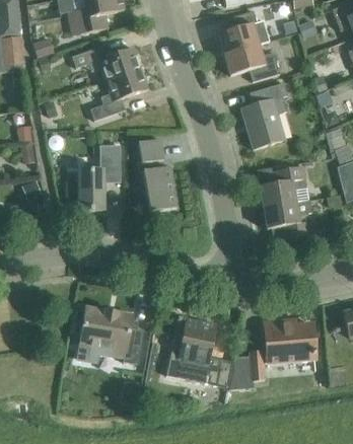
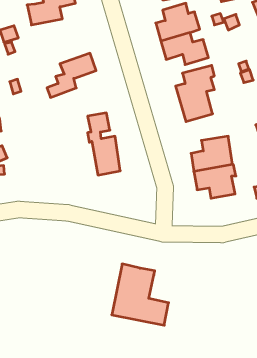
building: [72,45,141,80] -> none
building: [66,144,121,210] -> none
building: [77,306,144,364] -> none
building: [228,319,315,389] -> none

